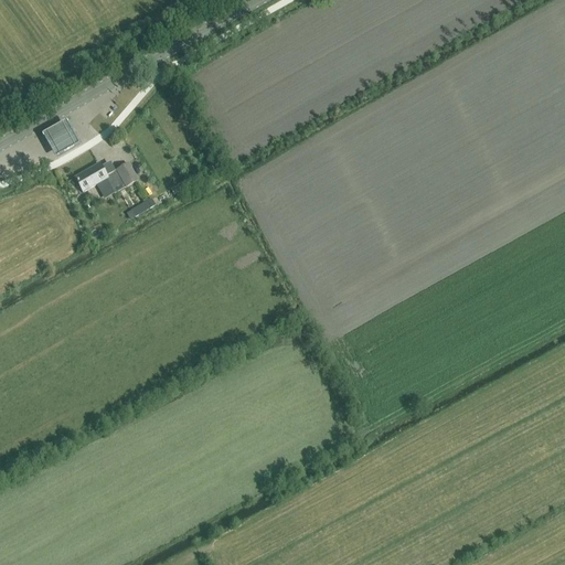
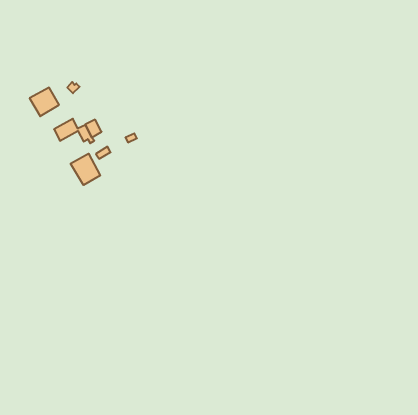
building: none -> [71,154,100,185]

